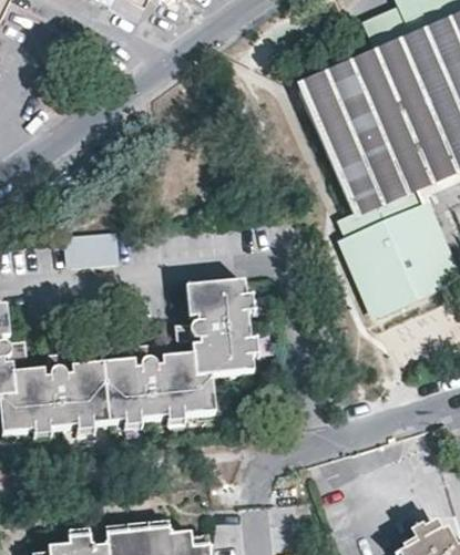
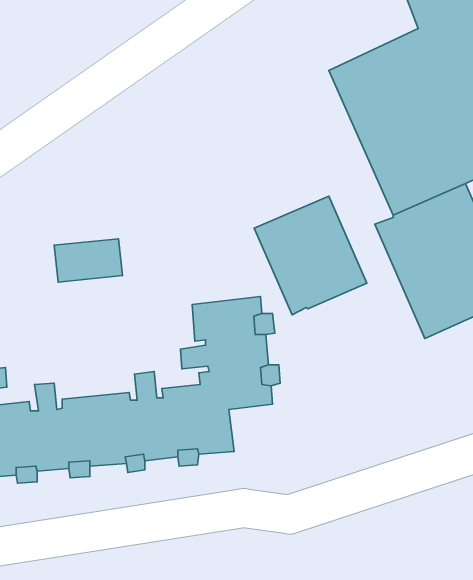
building: none -> [254,196,367,315]

